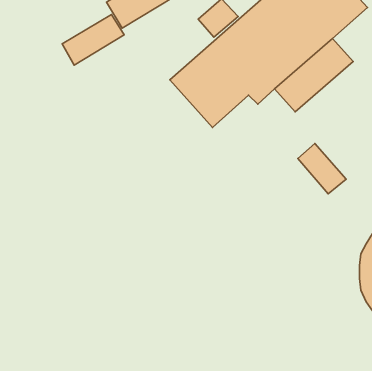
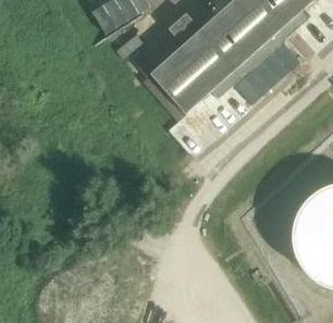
building: [62,14,124,65] -> none
building: [298,143,346,194] -> none

